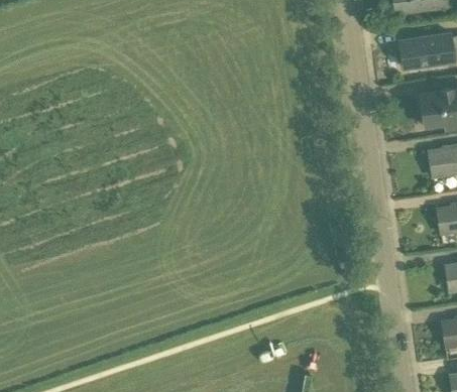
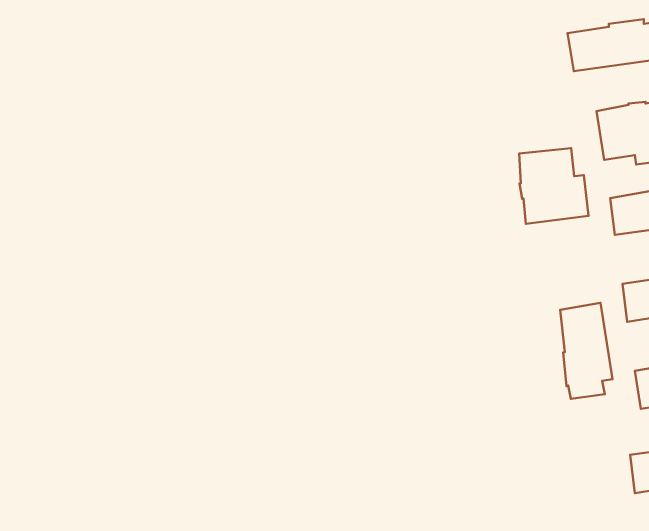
building: none -> [519,148,589,224]
building: none -> [560,303,612,399]

